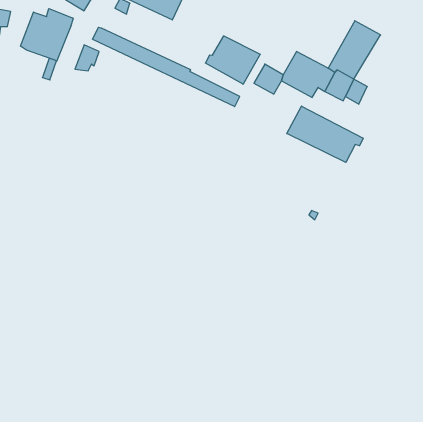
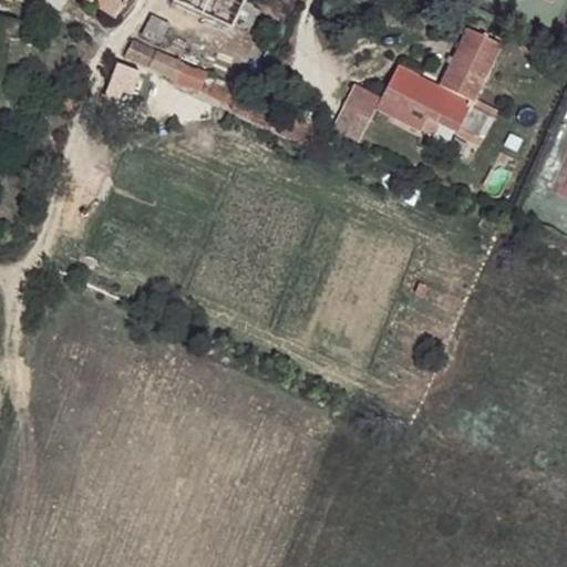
building: [21,9,73,61] -> none
building: [205,36,260,84] -> none
building: [287,106,363,162] -> none

